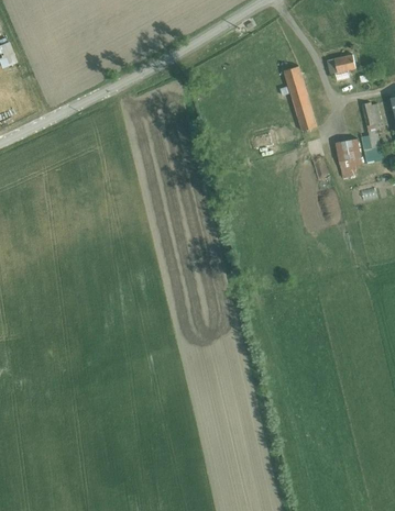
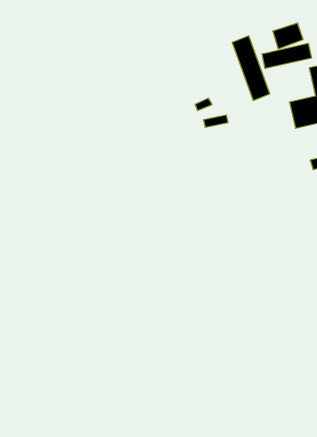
building: none -> [262,43,311,69]

